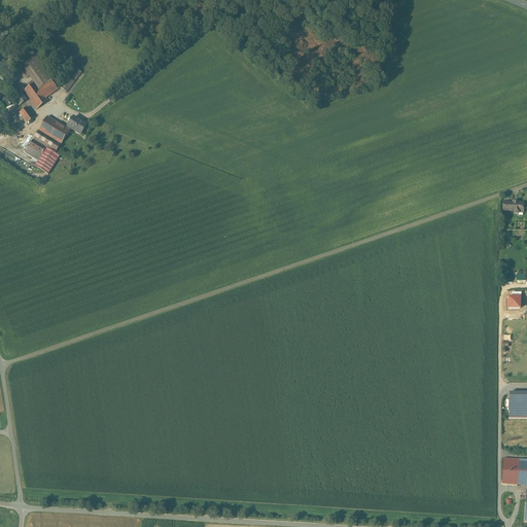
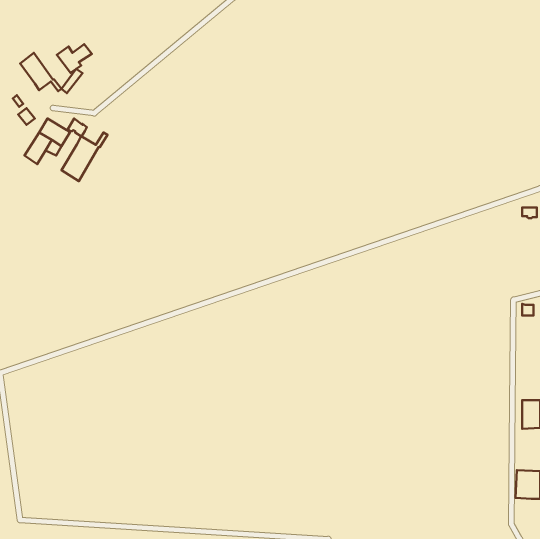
building: [23,79,57,107] -> [57,44,92,73]
building: none -> [61,133,107,181]

